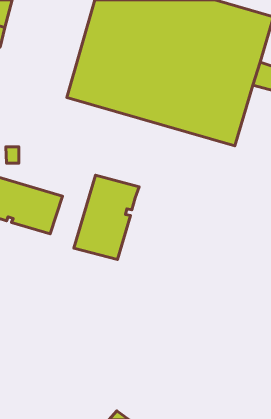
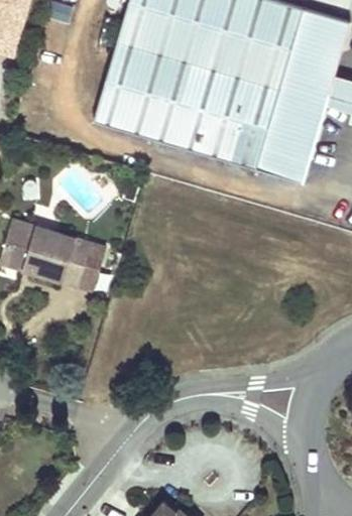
building: [74,175,139,260] -> none

